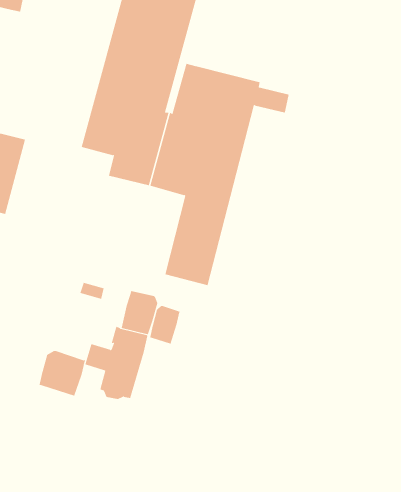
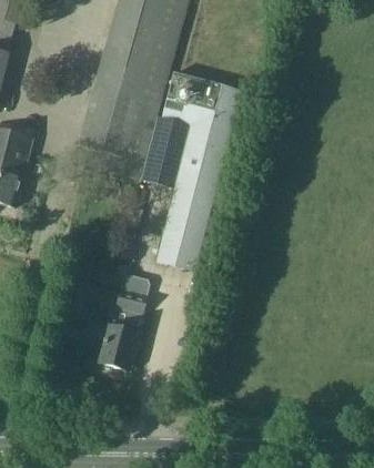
building: [149,305,180,344] -> none
building: [39,350,86,396] -> none

